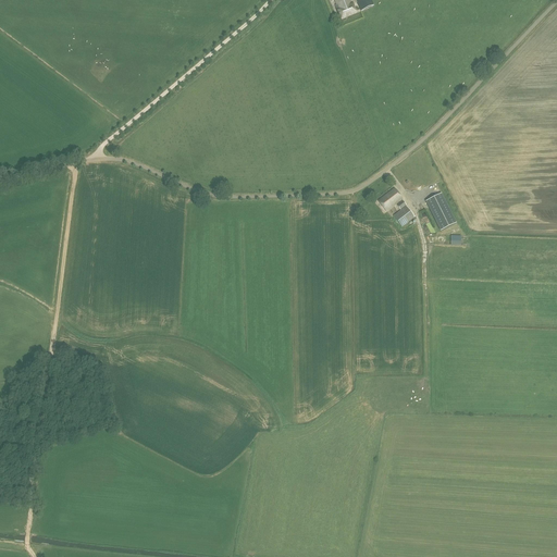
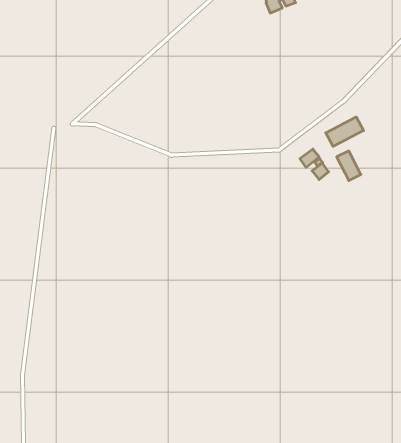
building: none -> [326,117,364,146]

